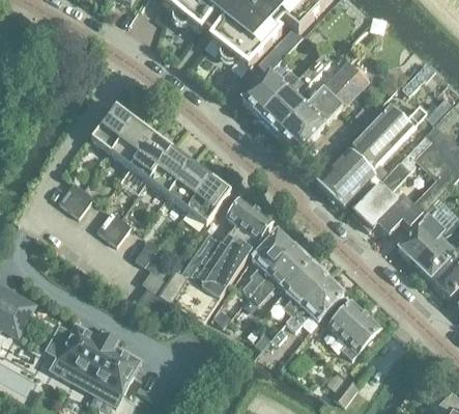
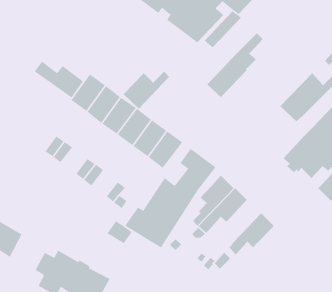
building: [278,62,366,149] -> none
building: [240,70,298,117] -> [123,71,170,109]
building: none -> [33,60,84,99]
building: [316,144,390,206] -> none
building: [283,260,327,313] -> none
building: [322,294,380,355] -> none

